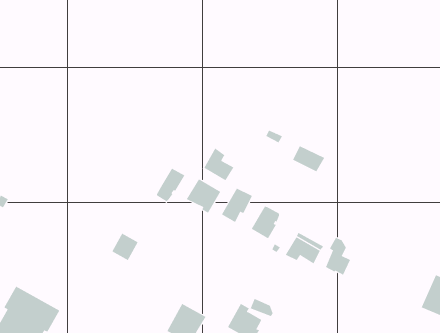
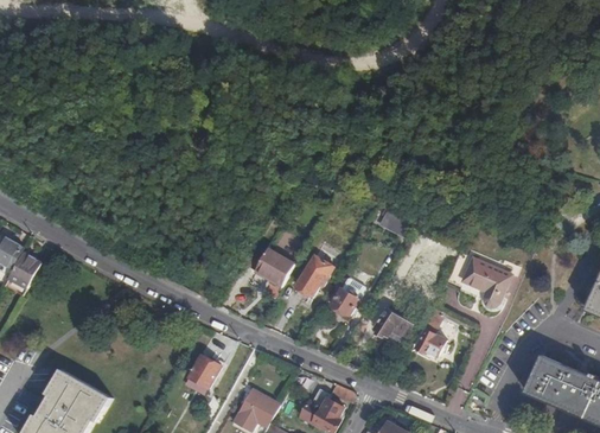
building: [203,148,234,181] -> none
building: [156,168,185,202] -> none
building: none -> [460,257,511,308]
building: [112,233,138,261] -> [189,356,219,388]

